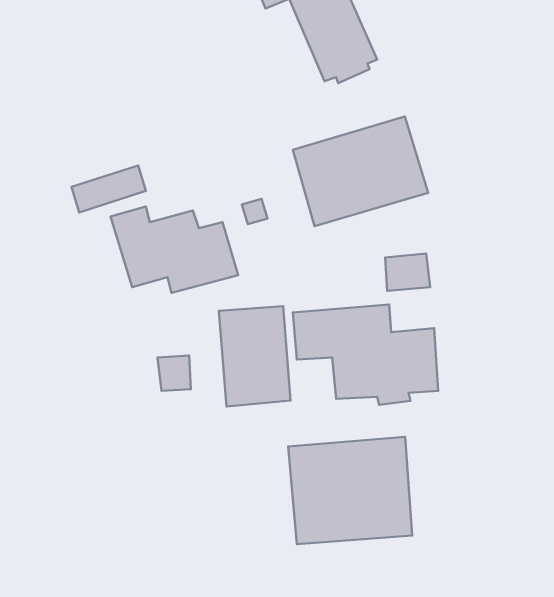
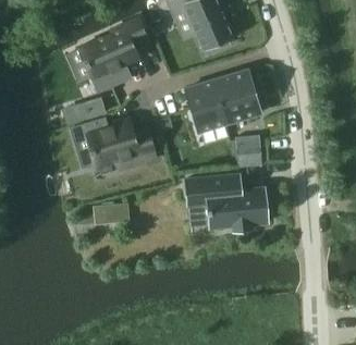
building: none -> [79,20,148,91]
building: [219,306,290,406] -> none
building: [288,437,412,544] -> none

